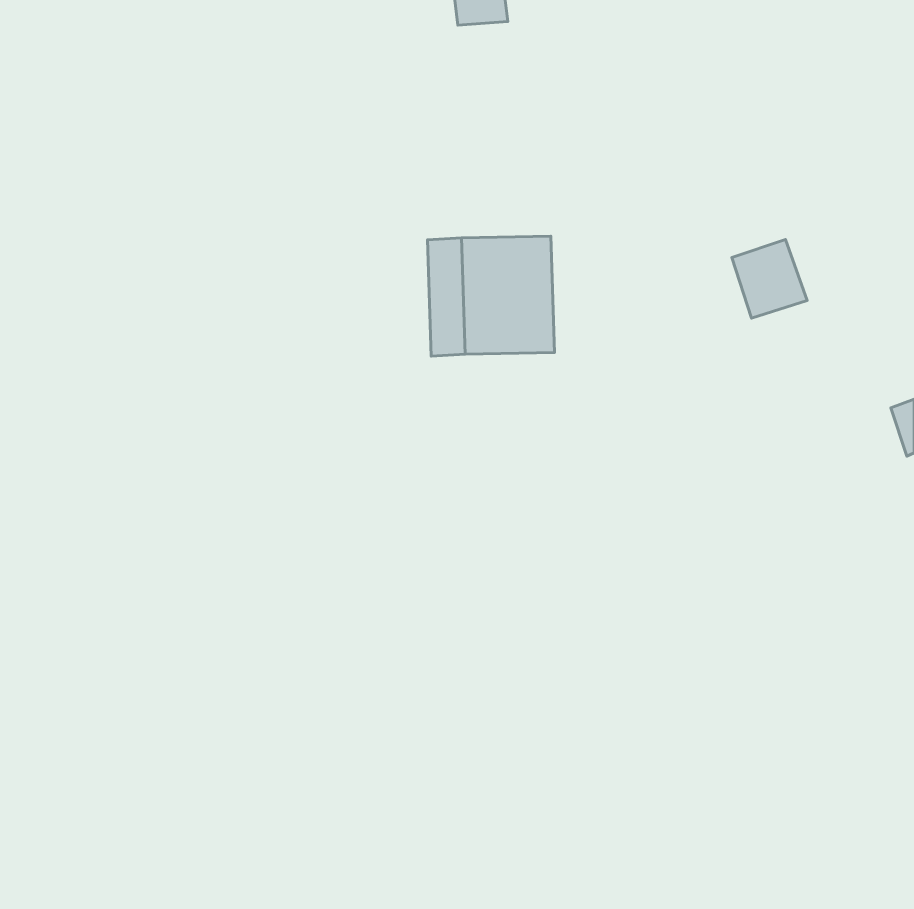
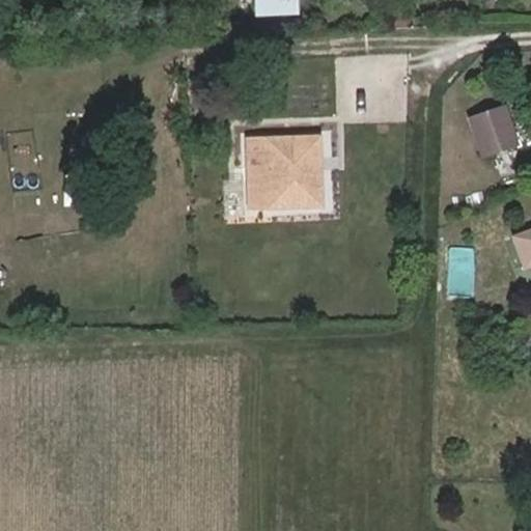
building: [732,240,807,318] -> [472,108,515,153]

